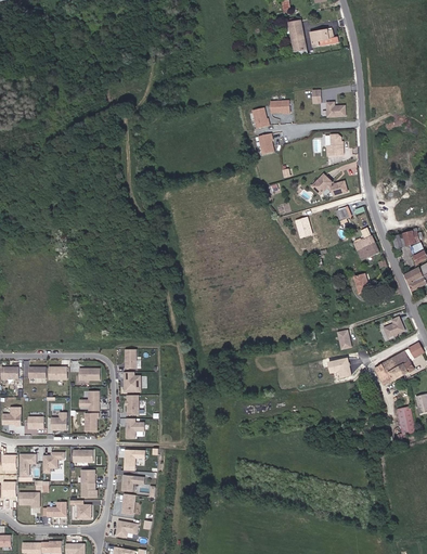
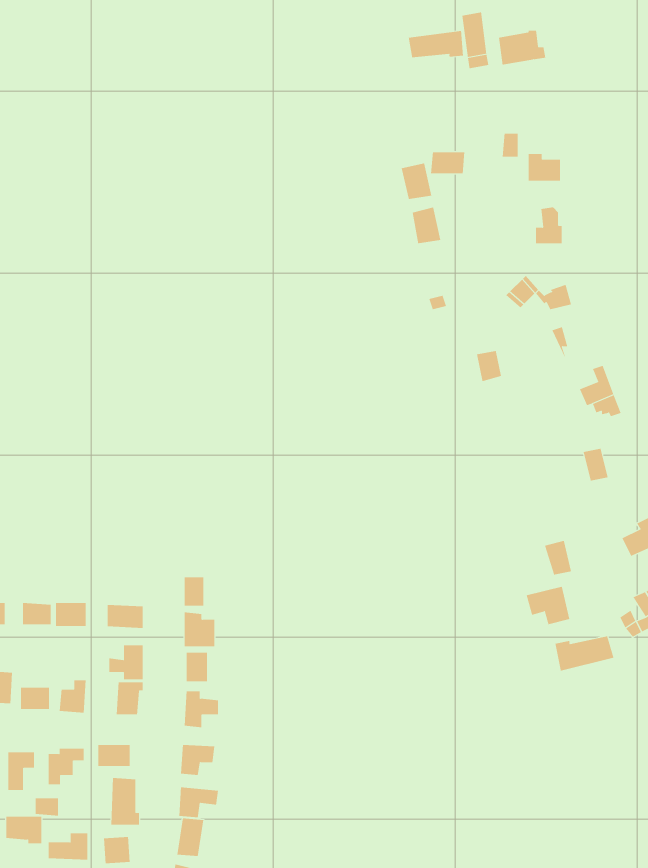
building: none -> [408,30,464,58]
building: none -> [555,636,614,671]

